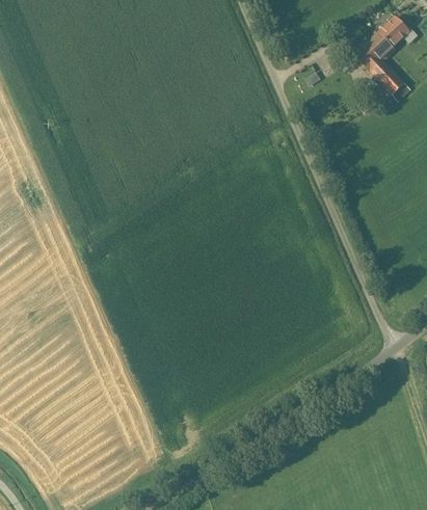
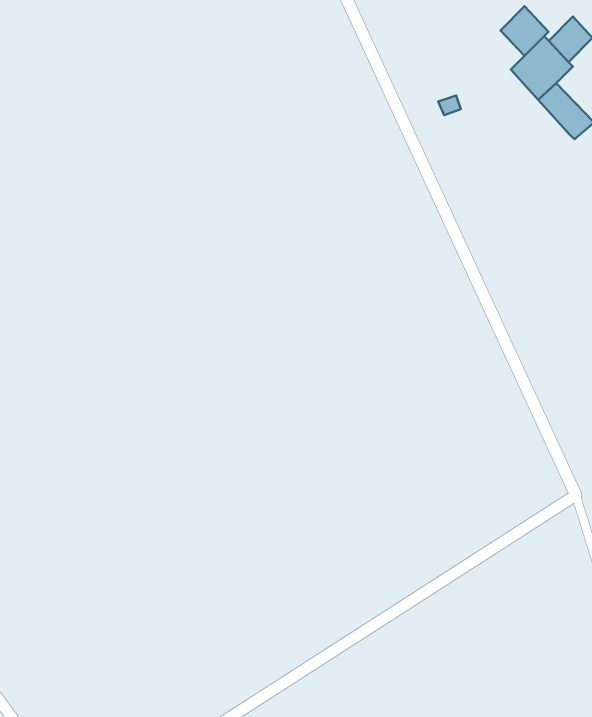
building: none -> [500,6,549,56]

